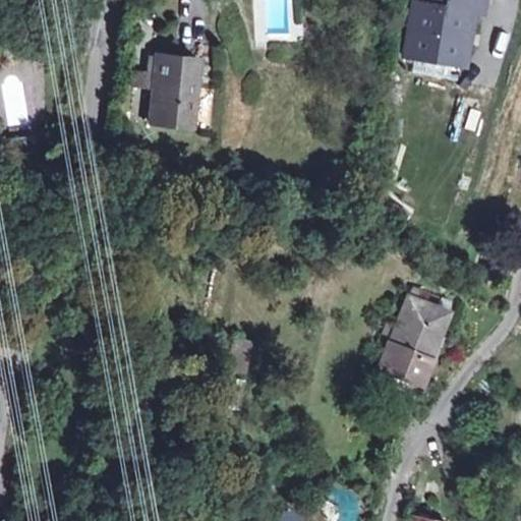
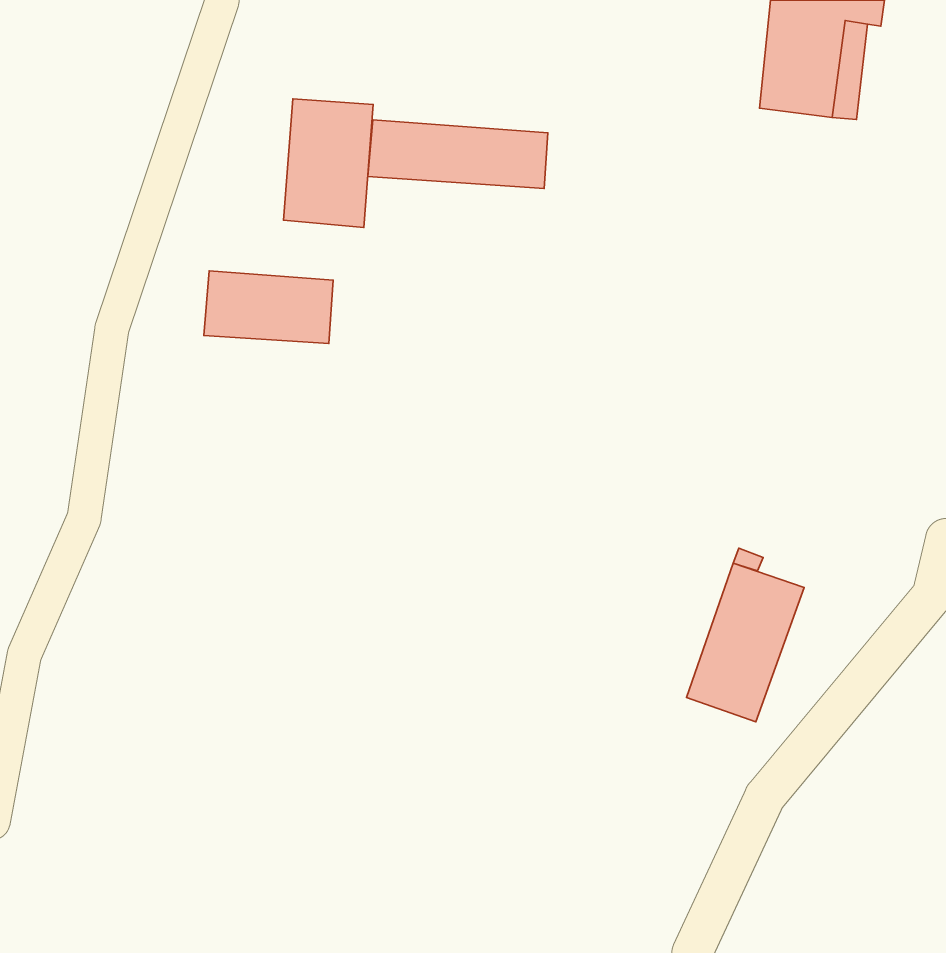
building: none -> [368,120,548,188]
building: none -> [204,271,333,343]

